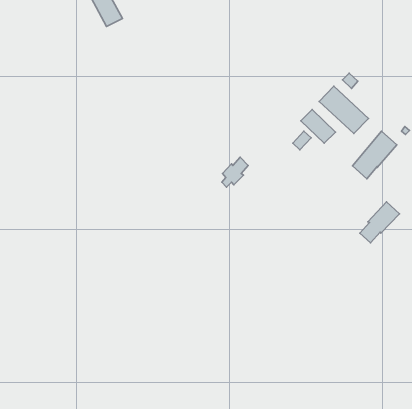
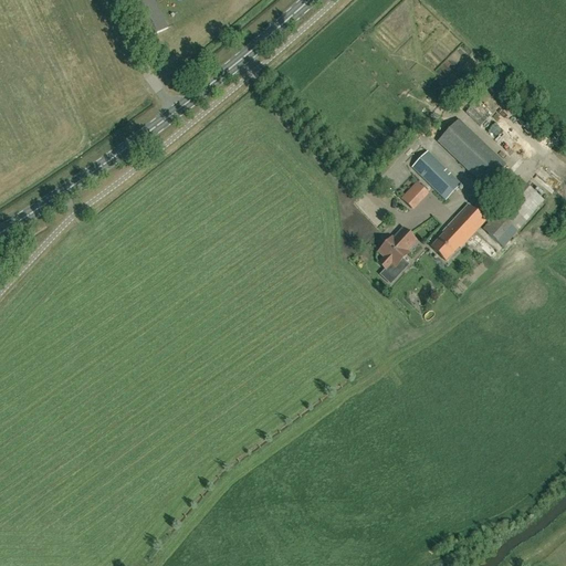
building: [222,157,248,187] -> [378,227,415,268]
building: [360,202,399,243] -> [431,202,485,259]

